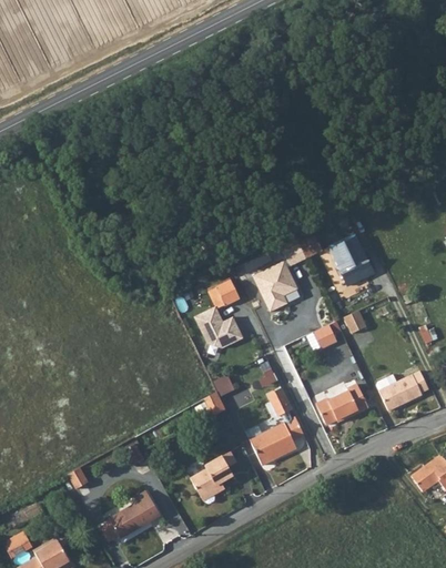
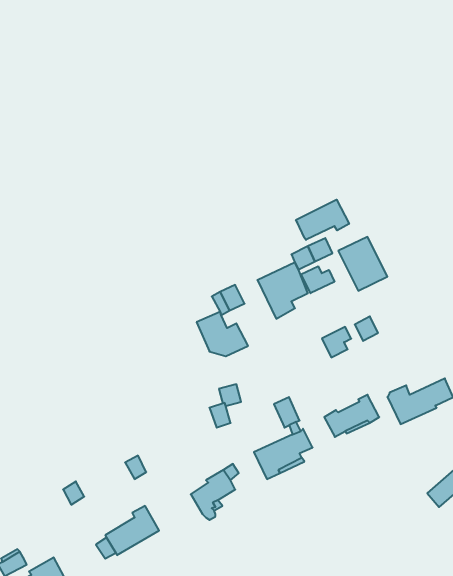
building: none -> [296,200,349,240]
building: none -> [301,266,334,293]

